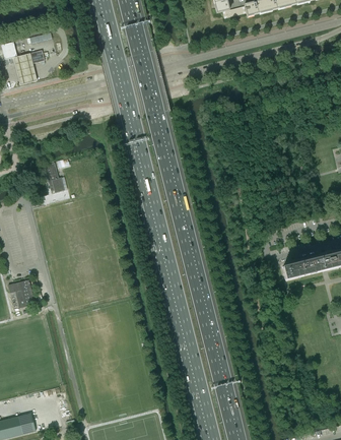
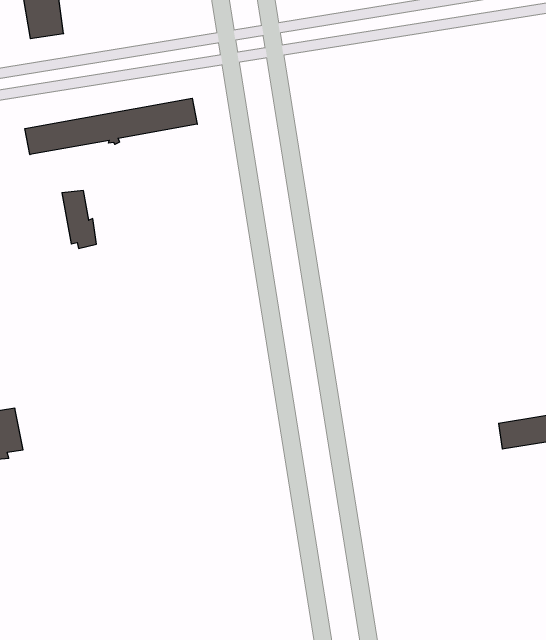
building: none -> [25,98,197,155]

